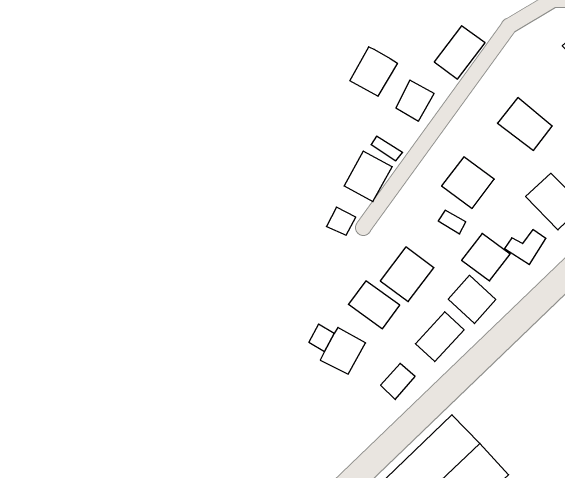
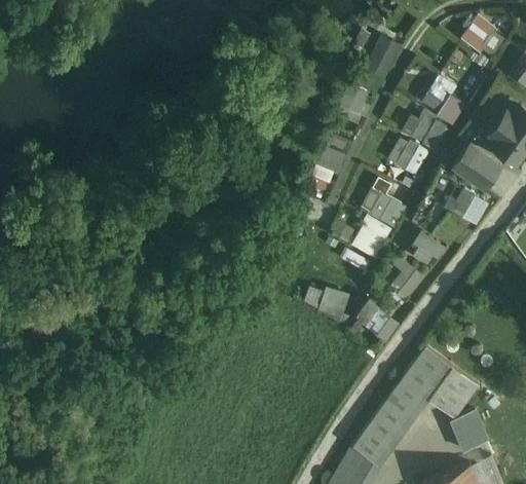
building: [350,47,397,96] -> none
building: none -> [404,114,447,152]
building: [462,233,510,281] -> [367,194,404,230]

